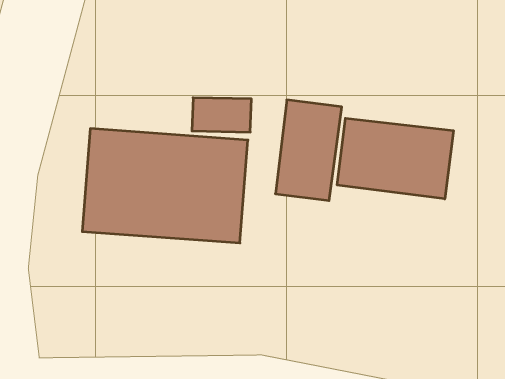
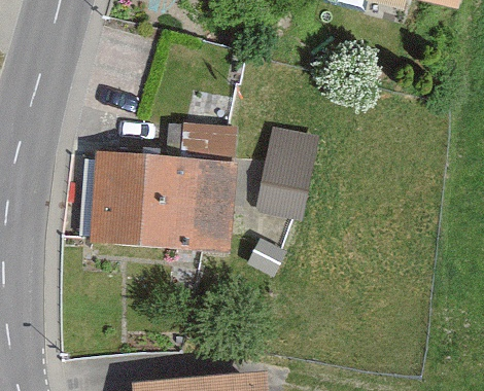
building: [337,118,453,199] -> none

